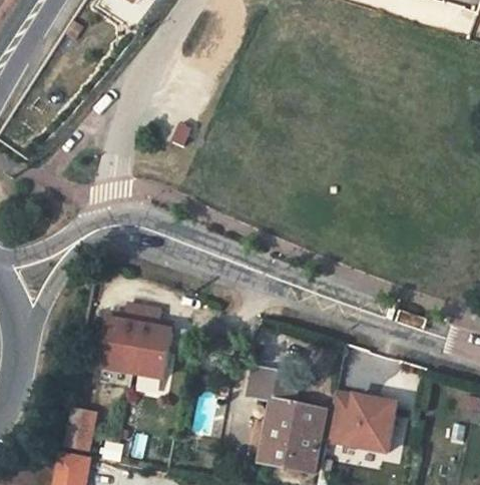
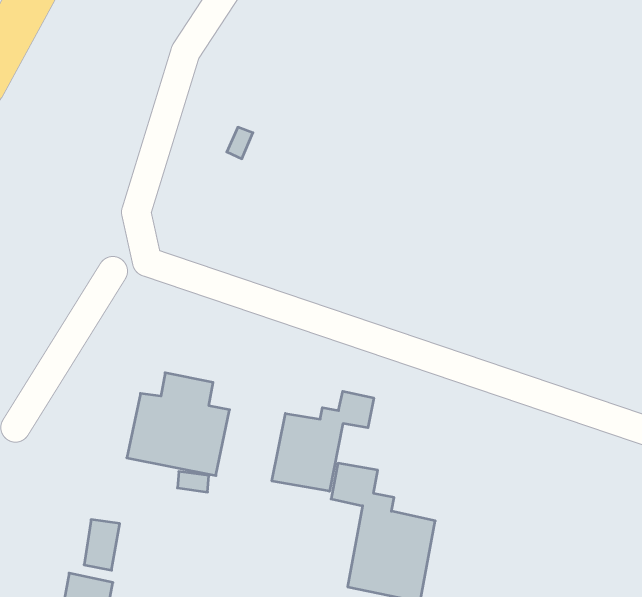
building: none -> [272,391,374,491]
building: [324,391,397,451] -> none

